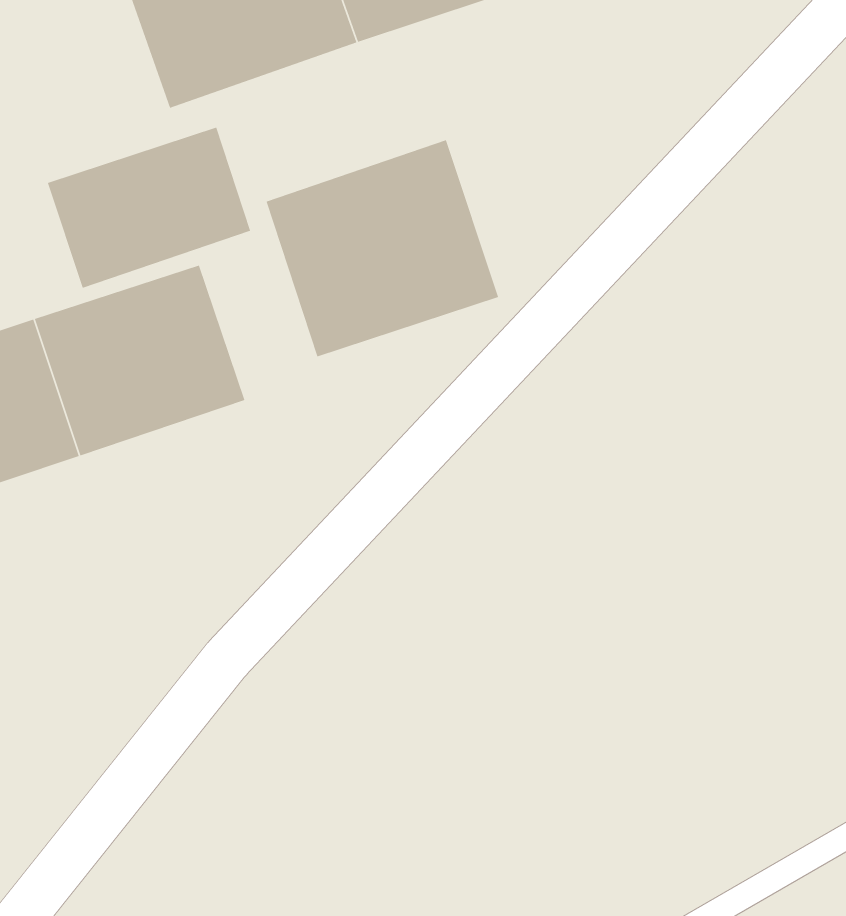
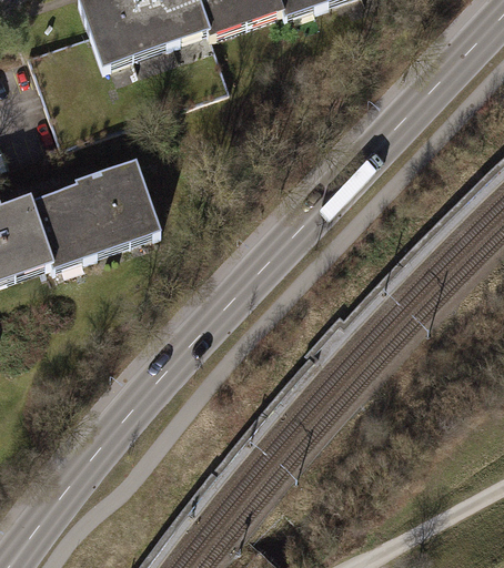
building: [47,126,251,289] -> none
building: [266,139,499,357] -> none

